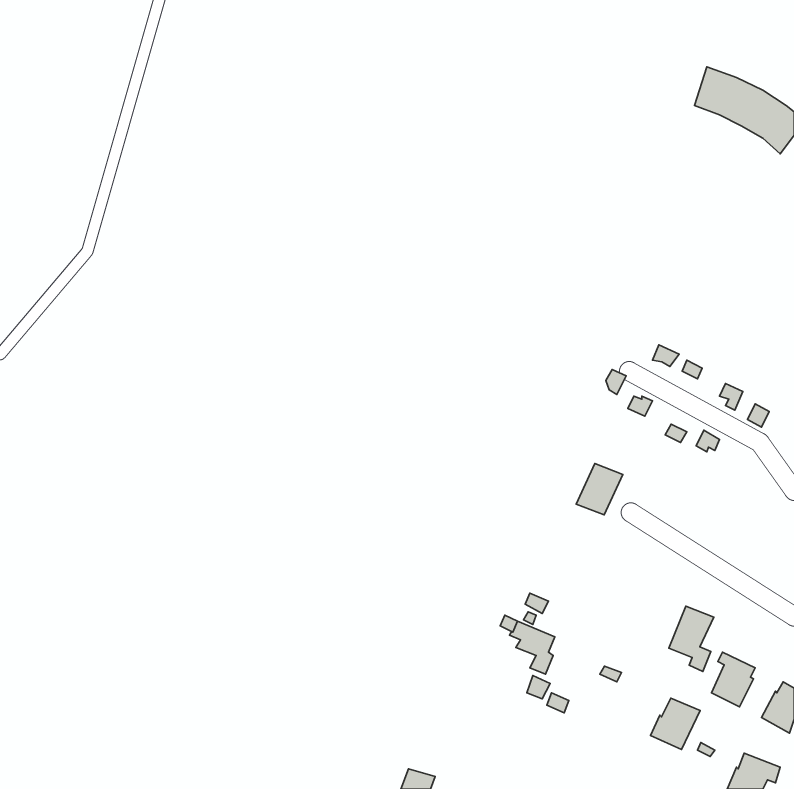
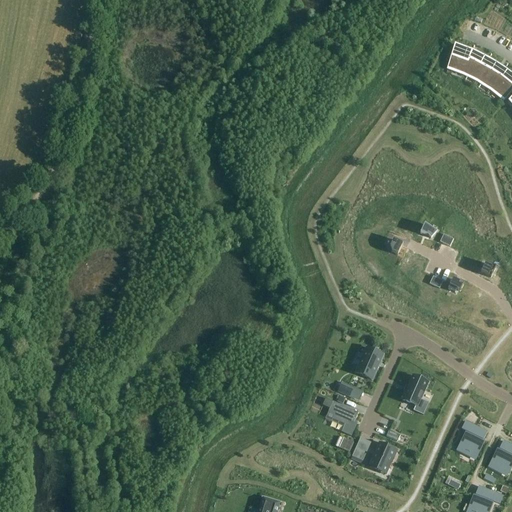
building: [576,464,623,515] -> [354,345,384,378]
building: [669,606,714,672] -> [400,373,429,415]
building: [651,698,700,749] -> [366,440,398,473]

